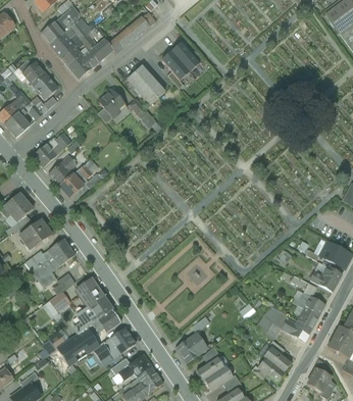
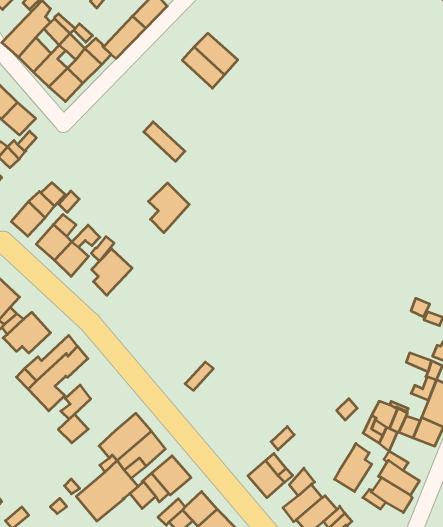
building: [127,65,164,104] -> none
building: [98,89,125,122] -> [148,183,189,233]
building: none -> [92,249,132,295]
building: [75,278,103,305] -> none
building: none -> [334,443,372,492]

